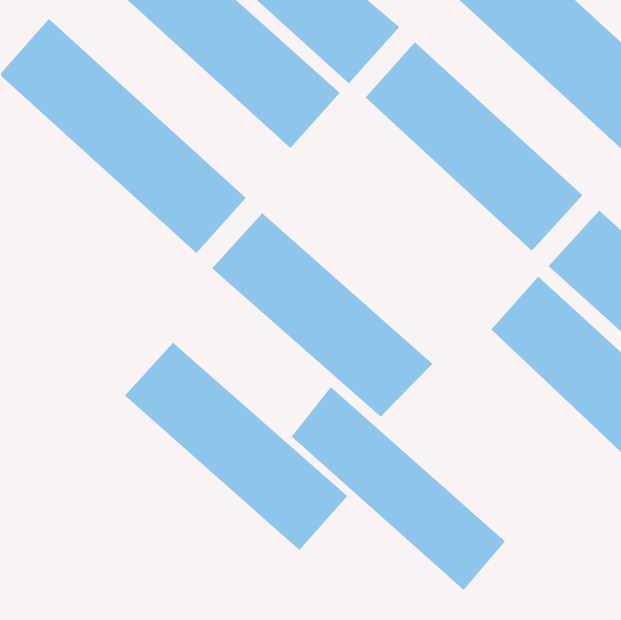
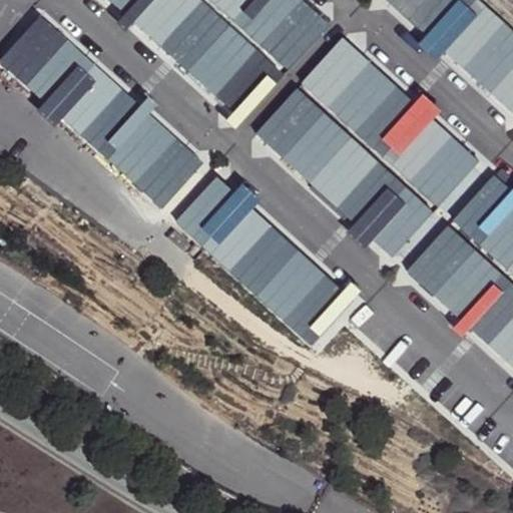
building: none -> [251,88,433,259]
building: [124,342,348,551] -> none
building: [291,386,506,591] -> none

